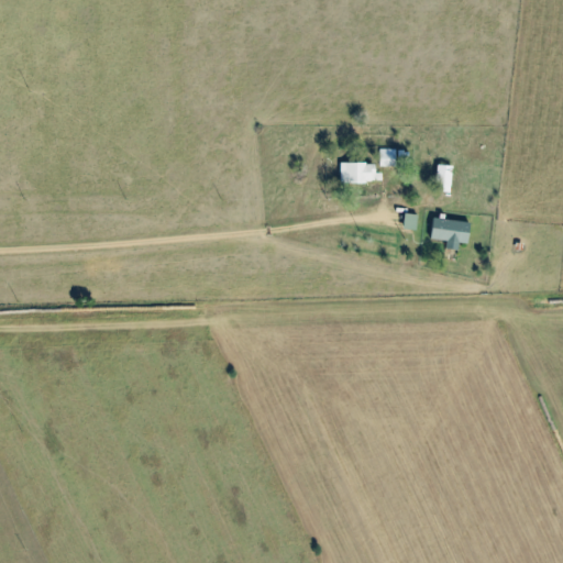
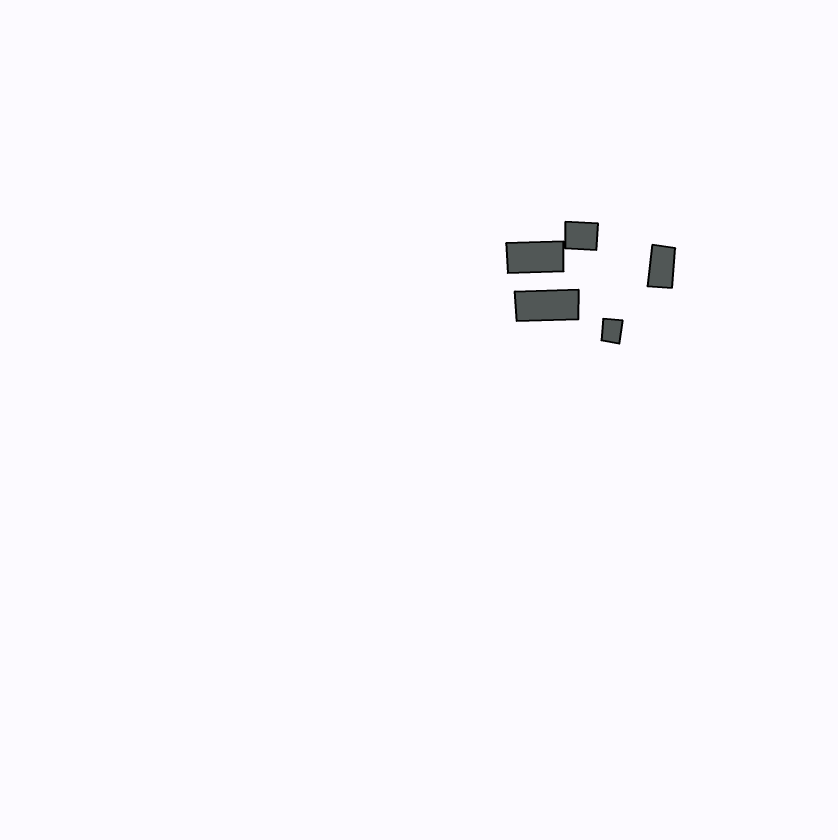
building: none -> [515,290,578,321]
building: [430,218,470,249] -> none

